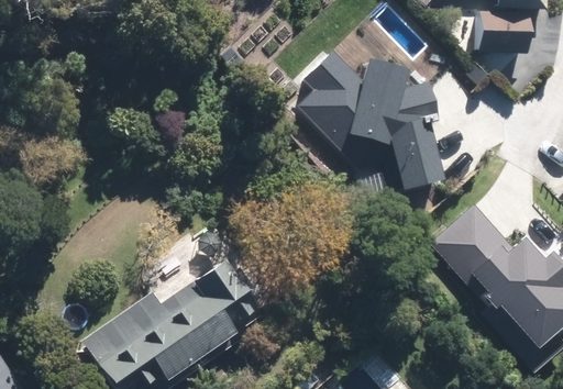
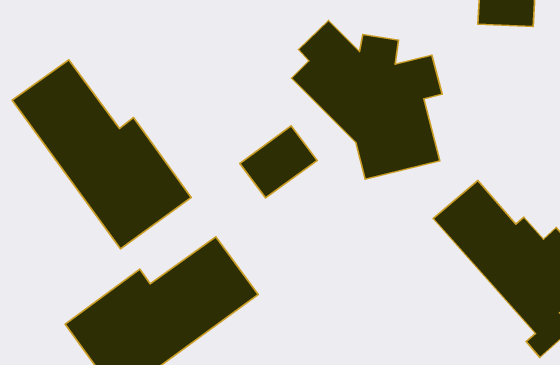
building: none -> [12,60,191,249]
building: none -> [240,126,317,198]

